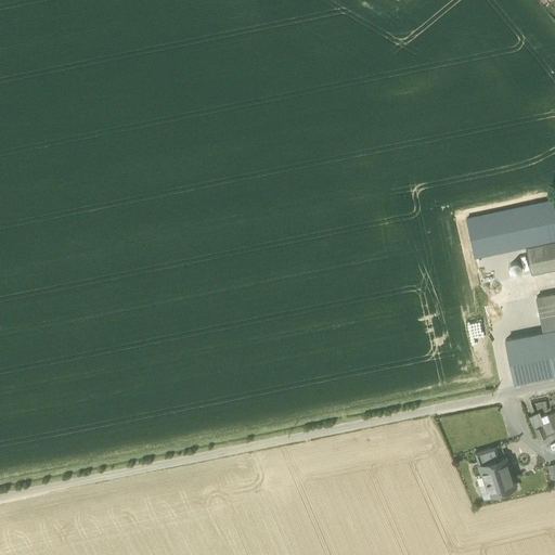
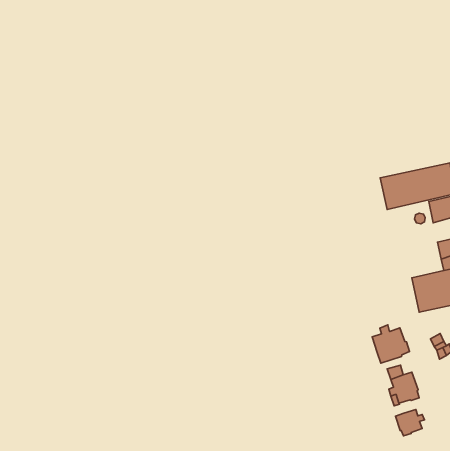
building: none -> [372,325,410,363]
building: none -> [396,409,425,436]

